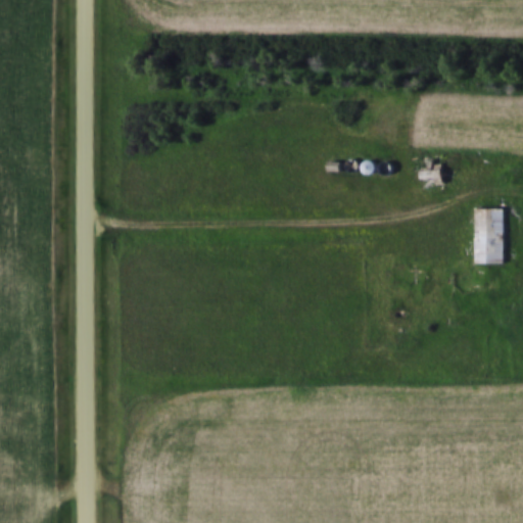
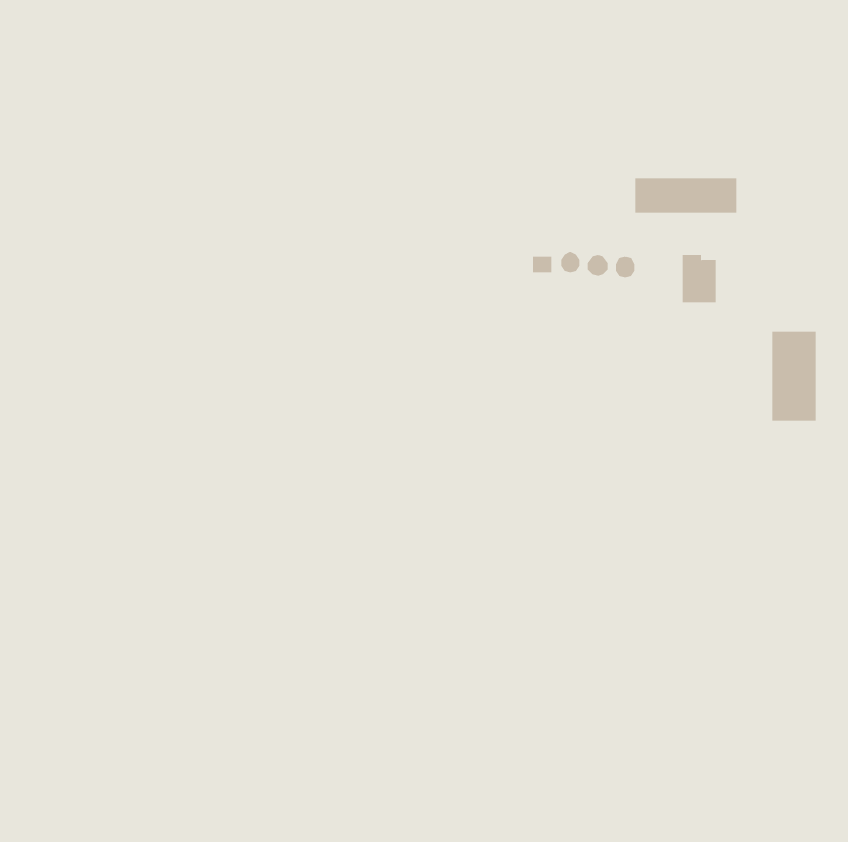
building: none -> [635,178,737,214]

